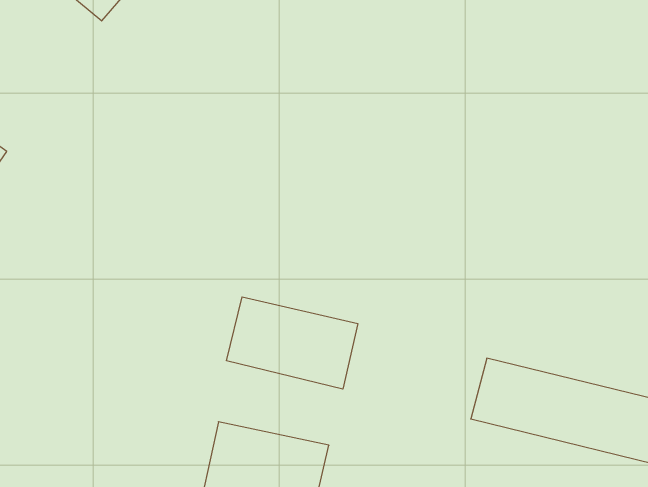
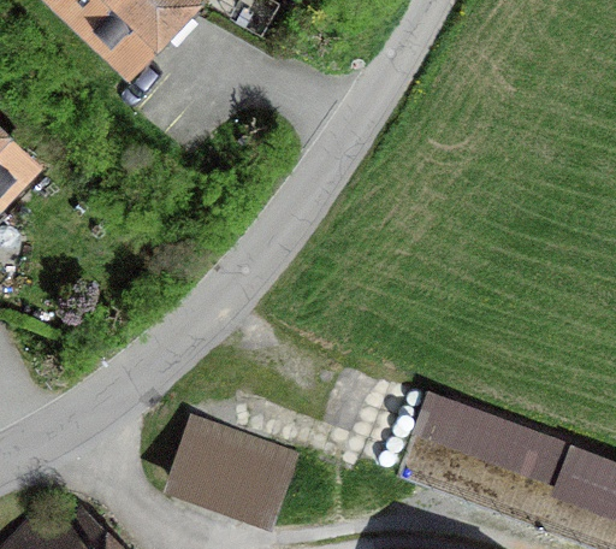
building: [227,297,358,389] -> none

